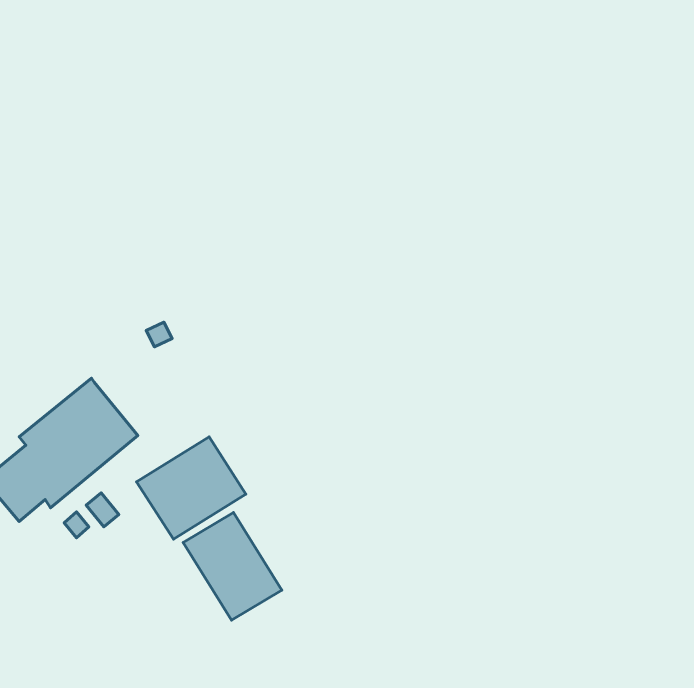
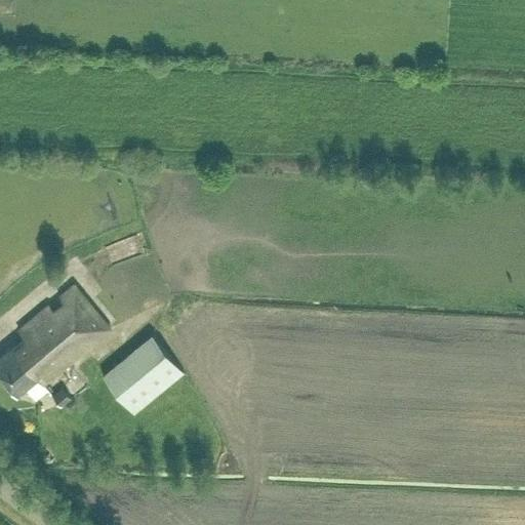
building: [183,512,282,620] -> none

